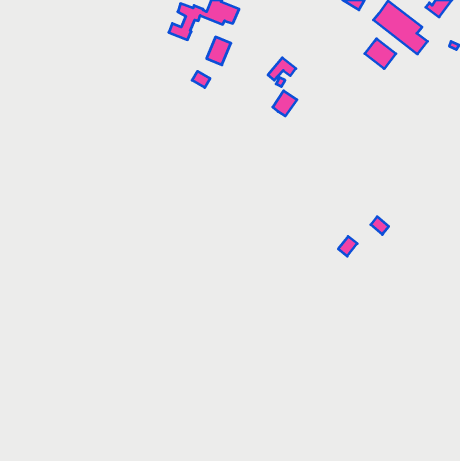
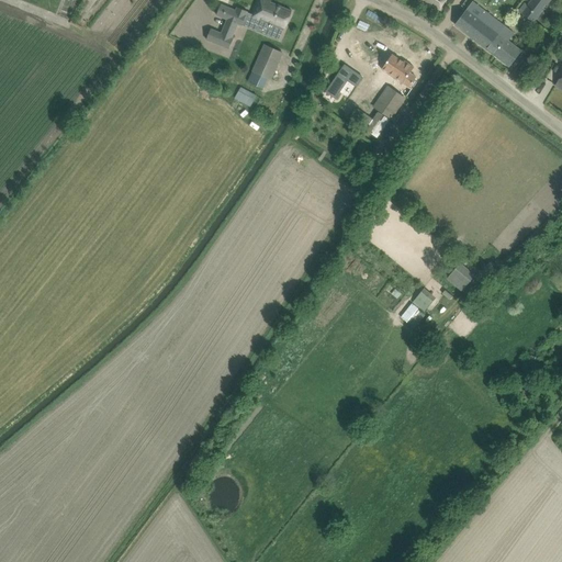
building: [365,39,396,69] -> none
building: none -> [381,54,413,83]
building: [273,91,297,116] -> [374,87,404,117]

